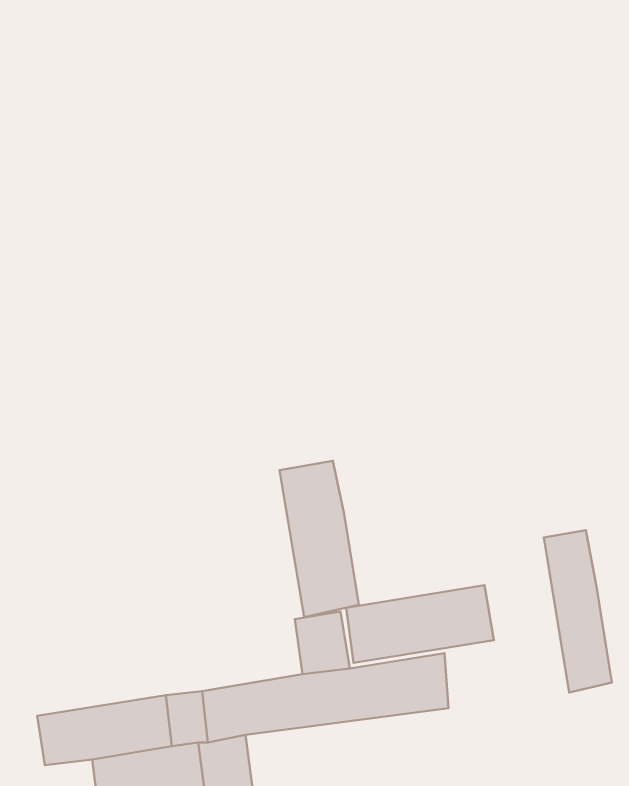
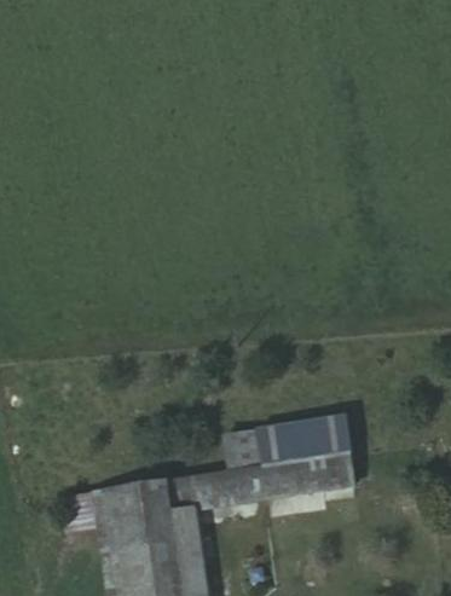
building: [280,461,359,617] -> none
building: [544,530,612,692] -> none
building: none -> [322,452,357,492]

